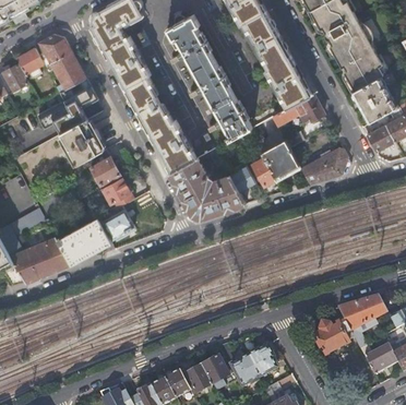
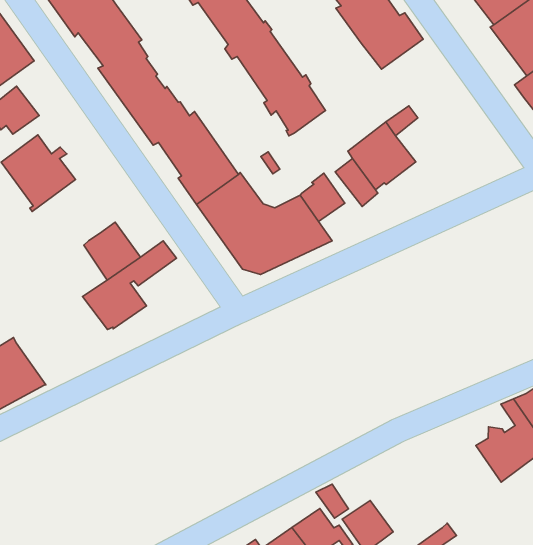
building: [273,94,323,126] -> none
building: [301,146,347,183] -> none
building: [91,148,121,186] -> none
building: [57,217,112,265] -> none
building: [241,336,276,374] -> none

